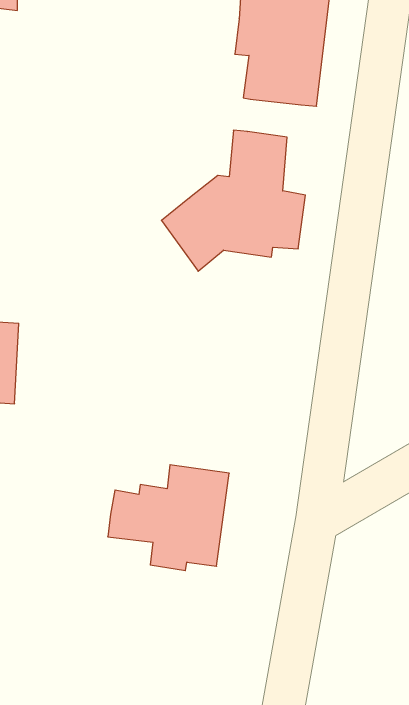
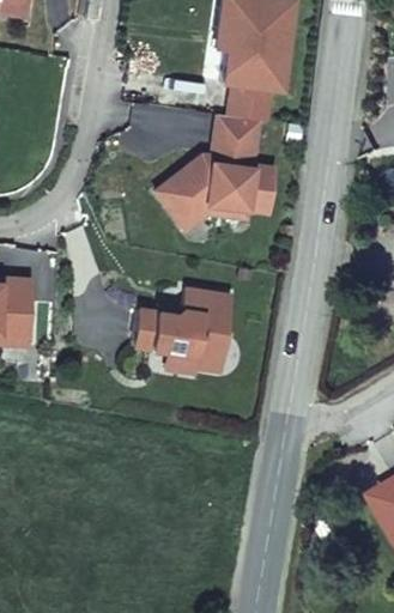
building: none -> [224,86,269,119]
building: [108,465,229,571] -> [127,285,230,375]

